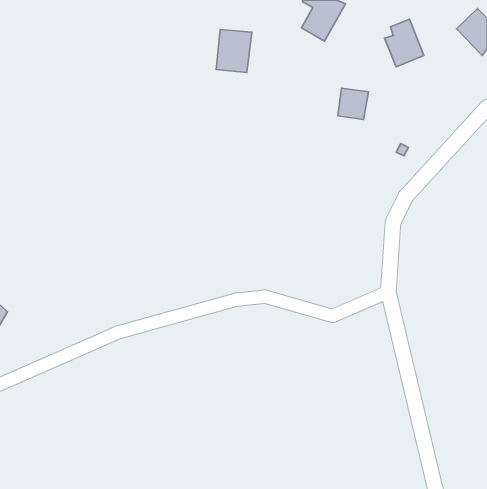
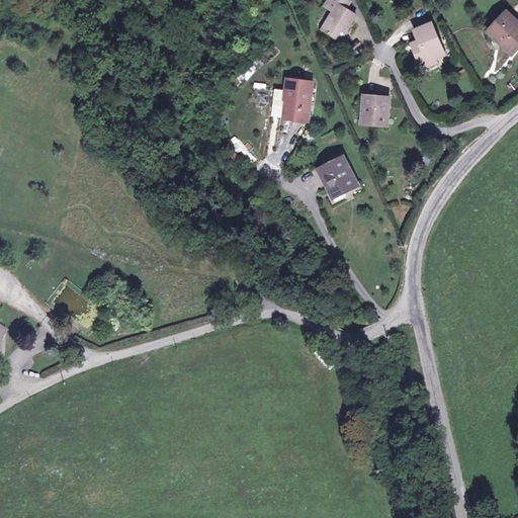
building: [216,29,252,72] -> [278,76,316,121]
building: none -> [314,154,360,201]

